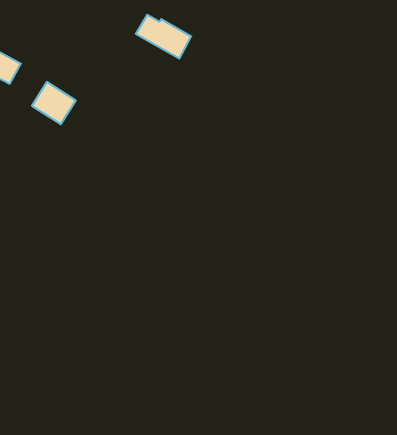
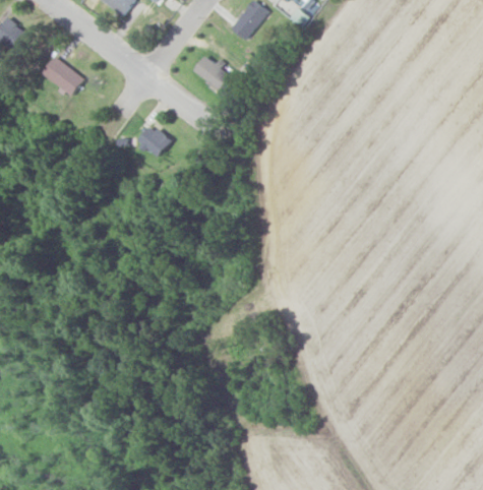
building: [32,82,76,124] -> [130,123,171,164]

